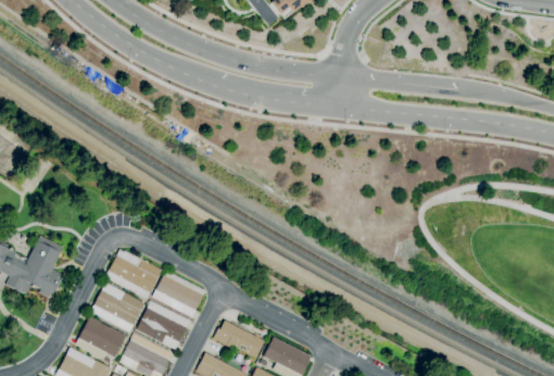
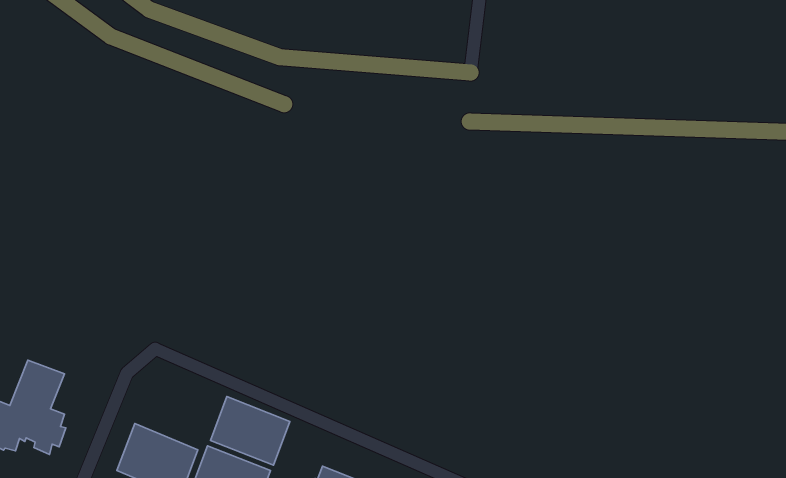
building: [106,250,163,300] -> none

